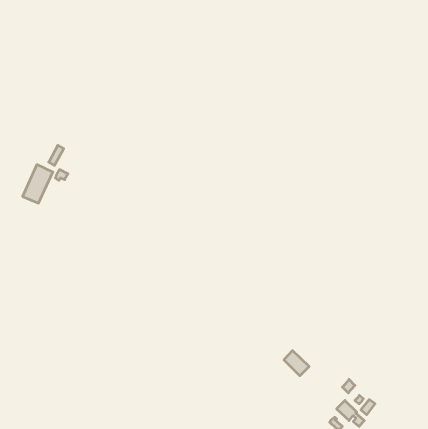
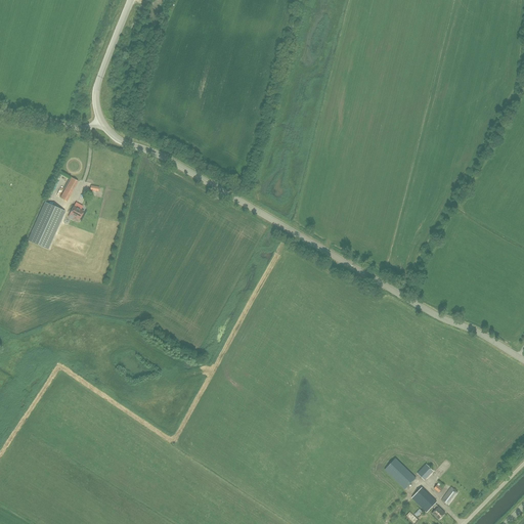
building: [284,351,309,376] -> [384,458,414,489]

